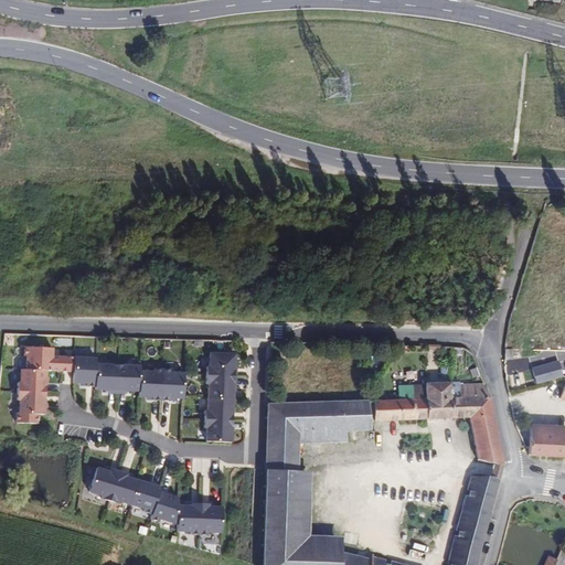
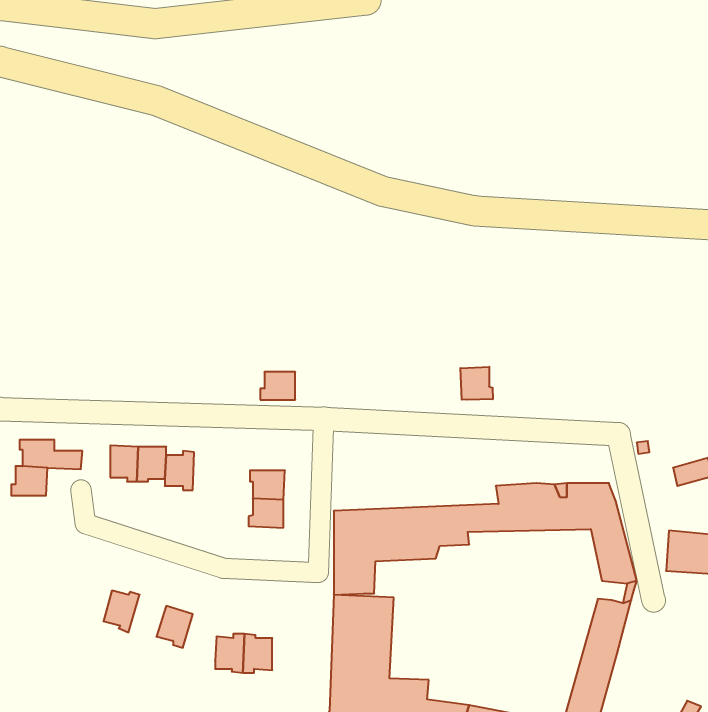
building: none -> [460,367,493,400]
building: [68,347,92,375] -> none
building: [202,351,230,373] -> [260,372,295,400]
building: [157,359,180,388] -> none
building: [12,393,41,424] -> none
building: [200,417,228,440] -> none
building: [106,471,136,504] -> none
building: [148,491,175,523] -> none

